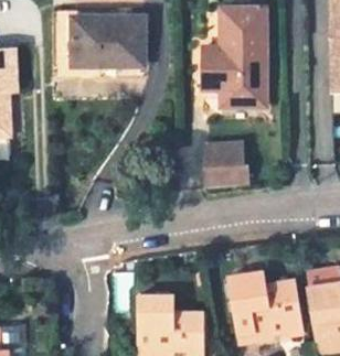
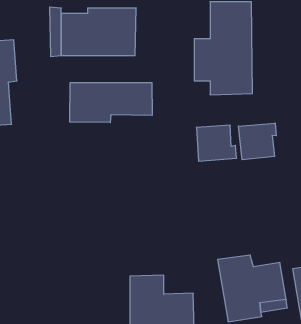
building: none -> [70,83,152,123]
building: none -> [239,123,276,160]

